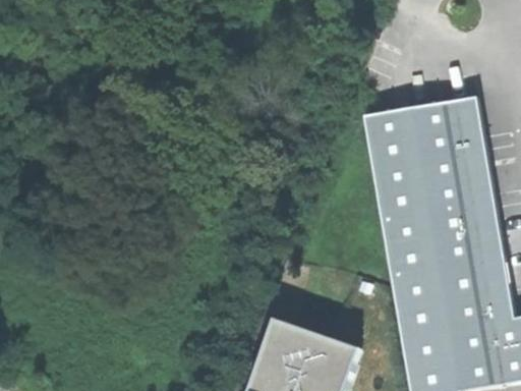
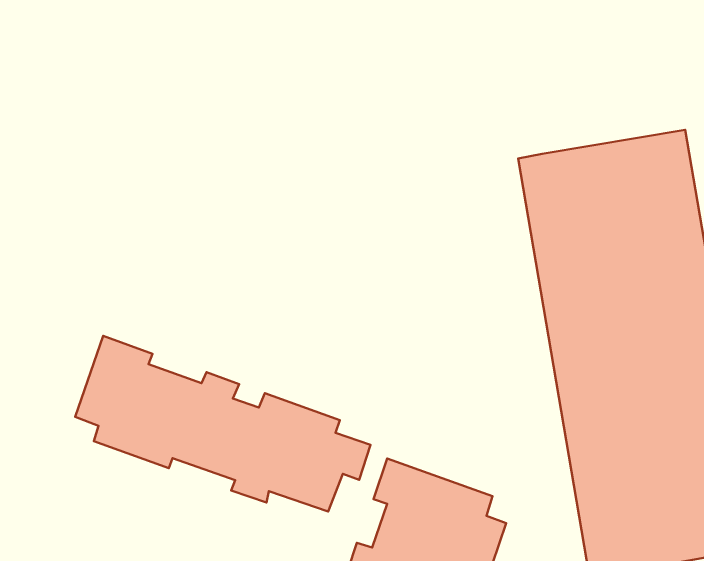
building: none -> [75,336,371,511]

